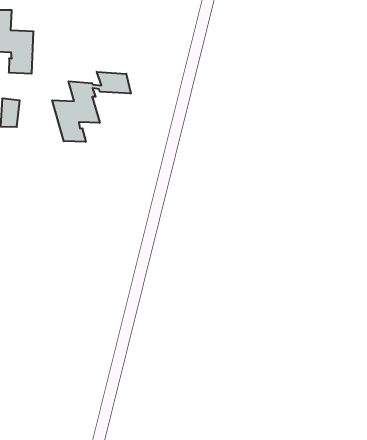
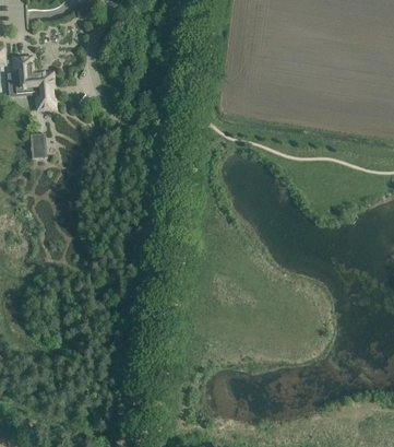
building: [52,72,131,142] -> none

